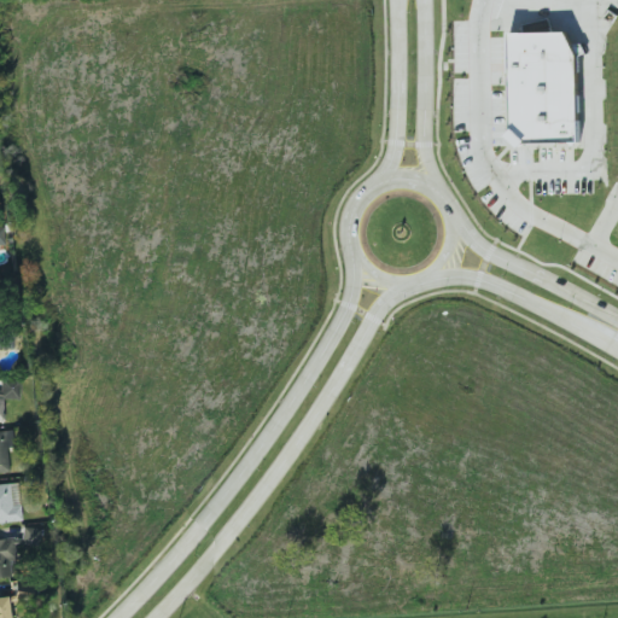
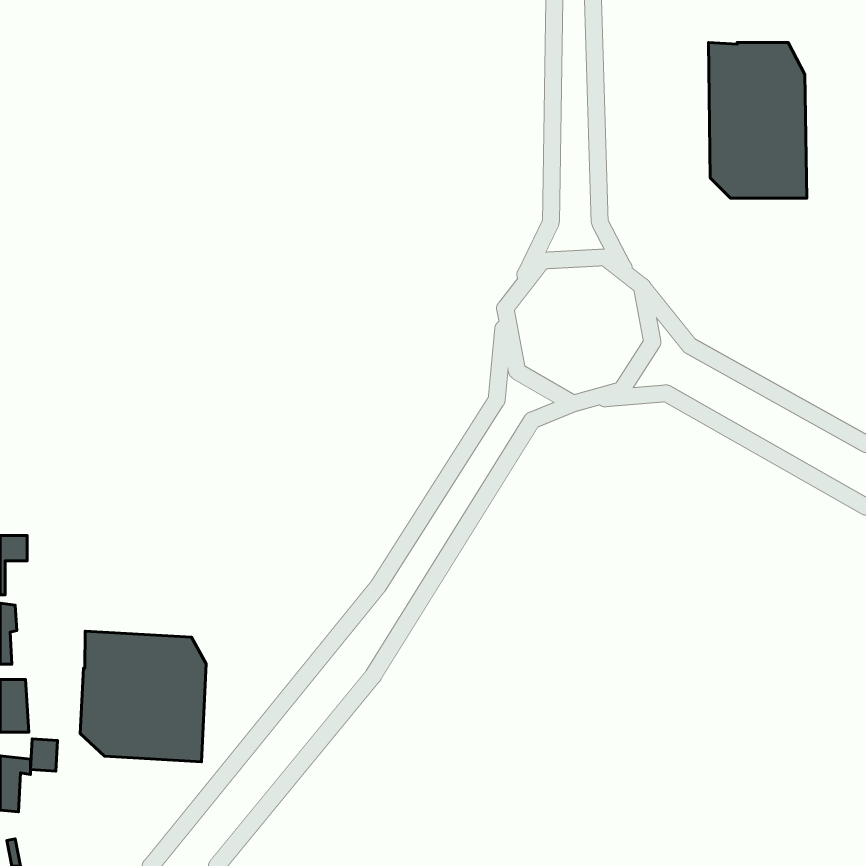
building: none -> [80,631,206,762]

